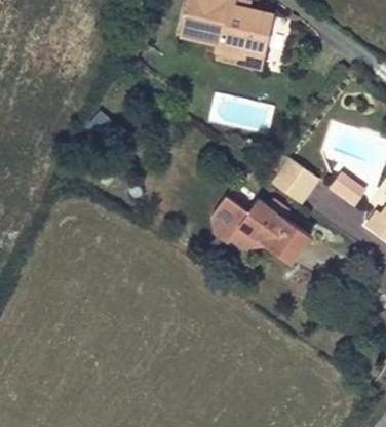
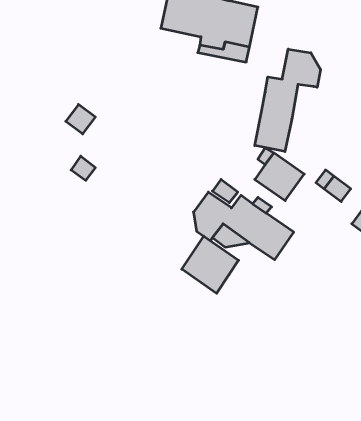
building: none -> [255,49,321,152]
building: none -> [182,236,239,293]

